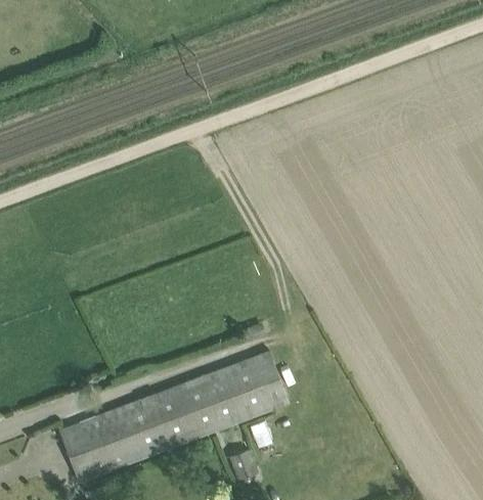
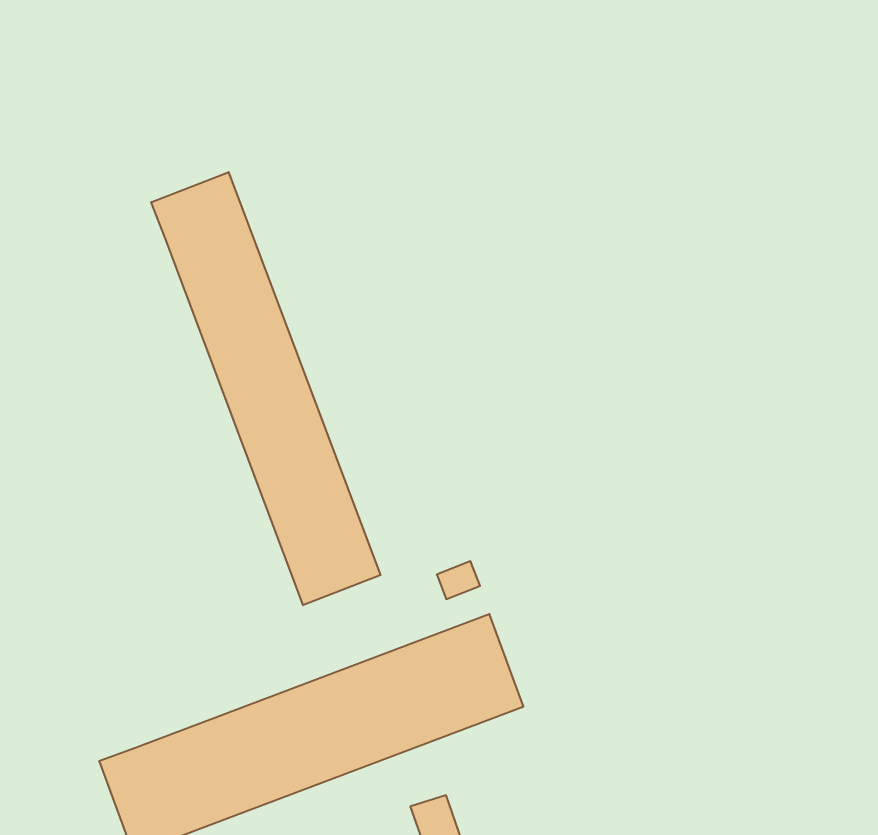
building: none -> [151,172,381,605]

